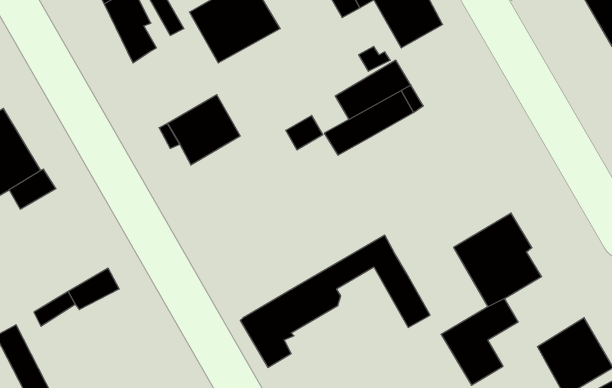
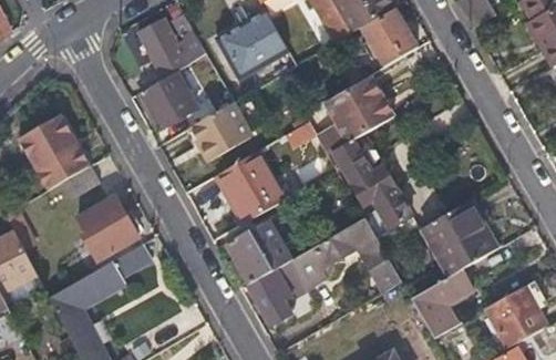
building: none -> [141,70,198,127]
building: none -> [328,138,419,248]
building: none -> [225,165,286,224]
building: none -> [78,196,138,260]
building: none -> [227,222,291,284]

